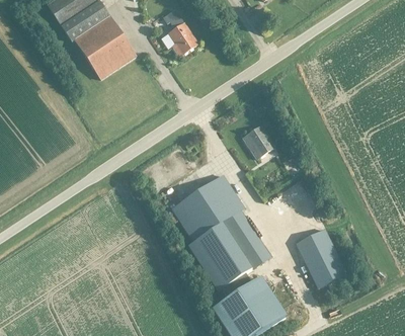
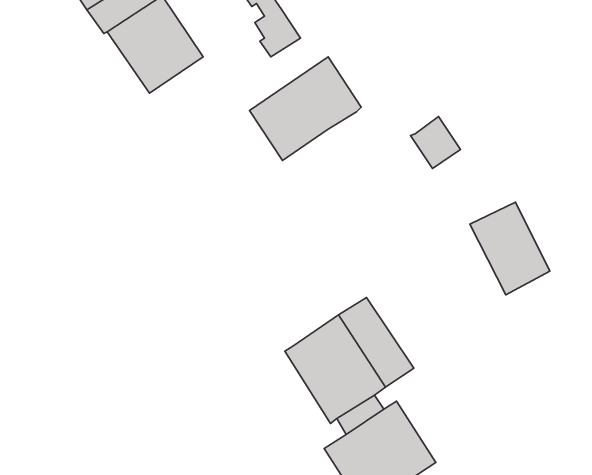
building: [242,124,274,158] -> [410,117,461,168]
building: [171,174,243,241] -> [249,57,361,161]
building: [295,228,346,287] -> [470,202,550,295]

